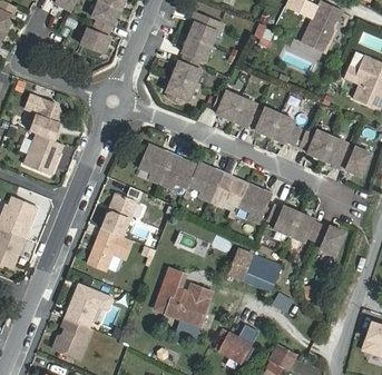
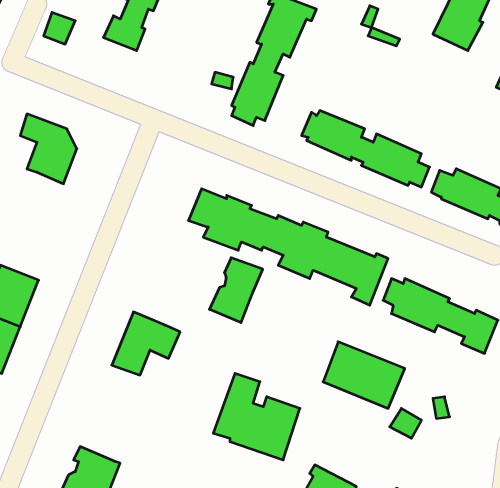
building: [25,134,63,175] -> none
building: [101,193,137,236] -> [209,258,263,323]
building: [66,280,112,327] -> none

